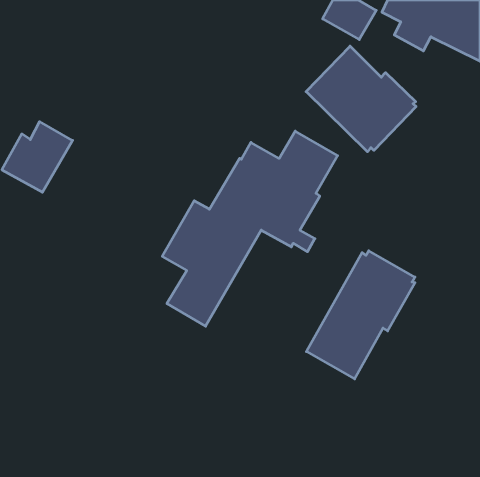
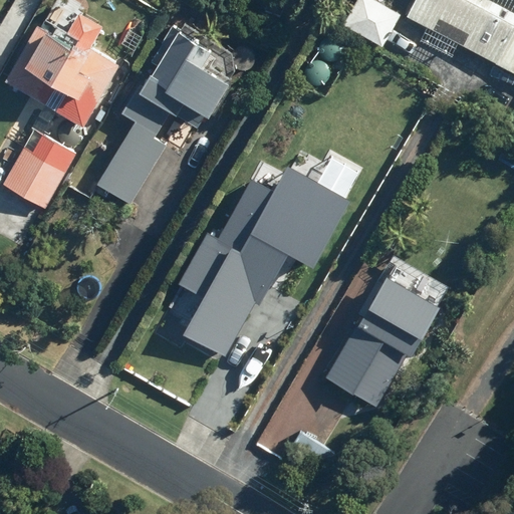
building: none -> [4,14,119,128]
building: none -> [100,26,241,202]
building: [306,46,416,152] -> none

